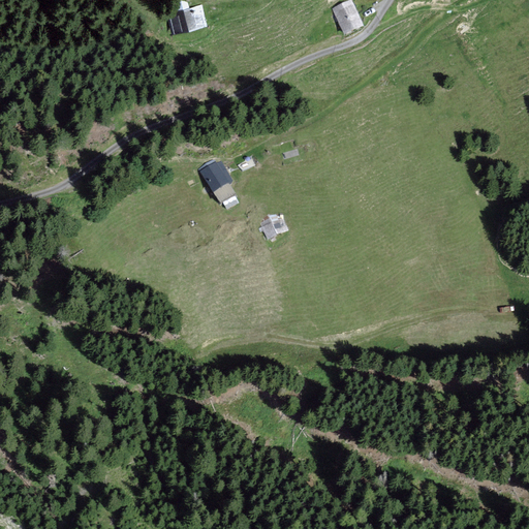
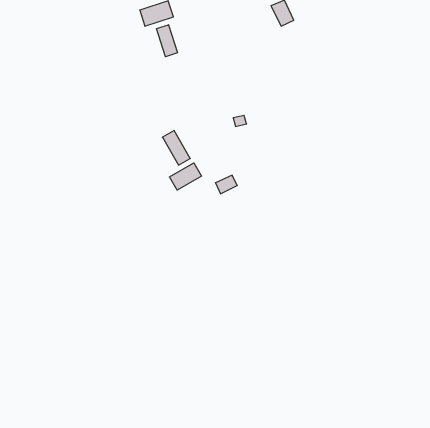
building: none -> [156,25,178,57]
building: none -> [169,163,202,190]

